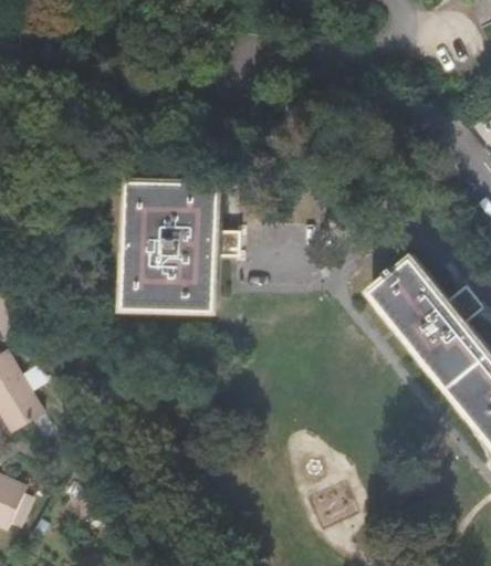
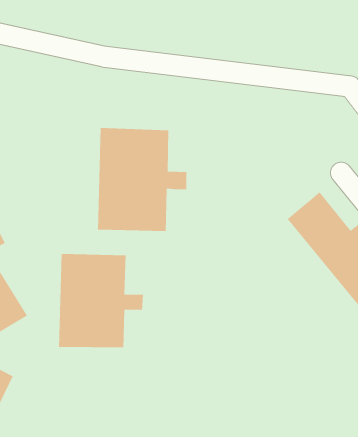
building: none -> [59,253,143,348]

